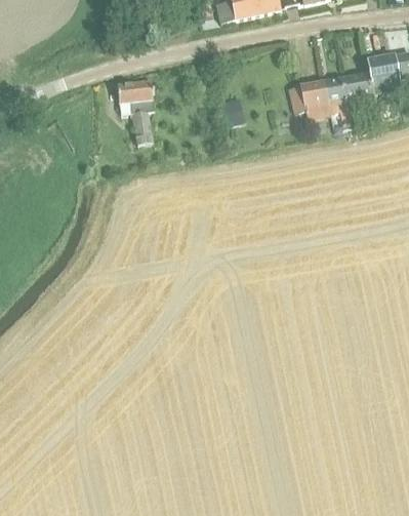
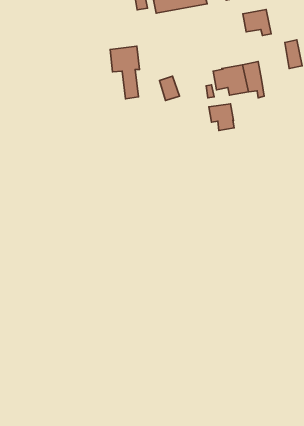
building: [340,71,374,102] -> [243,10,271,35]
building: [118,80,153,143] -> [110,46,139,99]
building: none -> [209,104,234,130]

